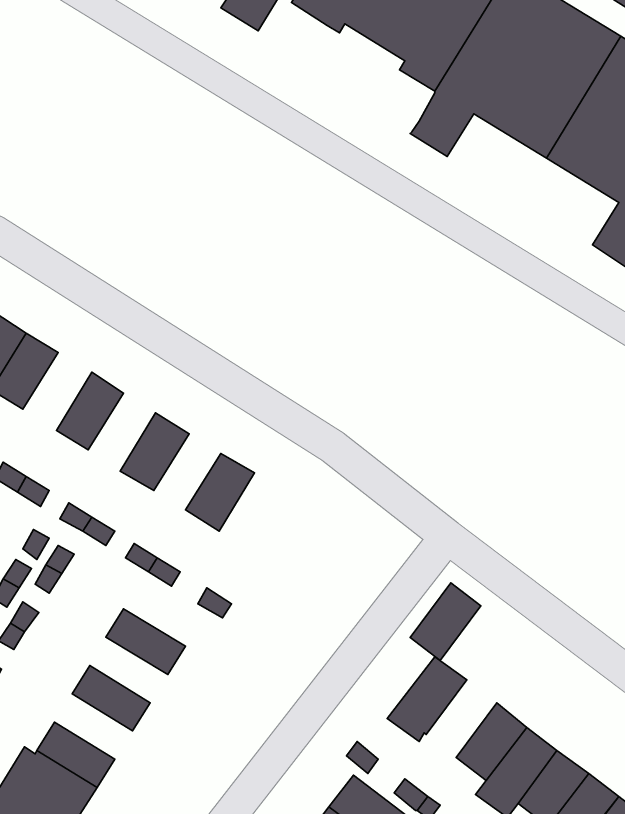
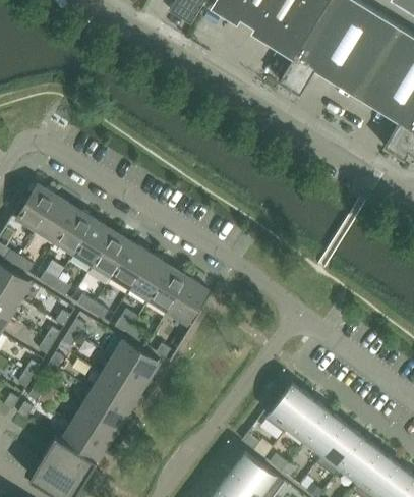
building: none -> [55,208,95,253]
building: none -> [93,231,131,276]
building: none -> [130,255,169,298]
building: none -> [168,277,208,325]
building: none -> [113,339,159,377]
building: [410,583,481,661] -> [287,396,328,441]
building: none -> [94,372,138,409]
building: none -> [73,404,118,442]

